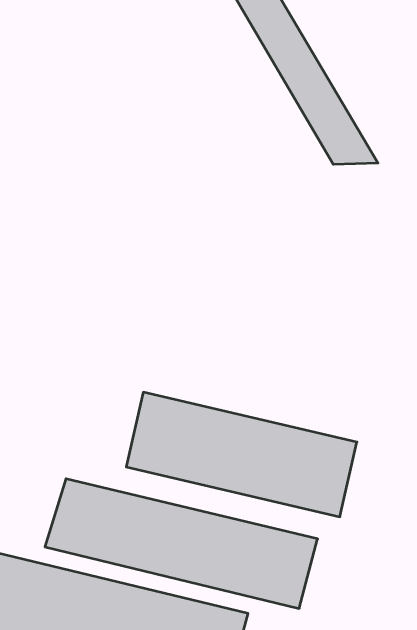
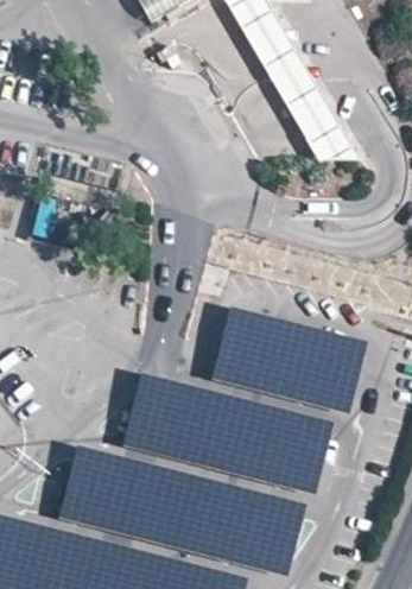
building: none -> [222,309,370,404]

